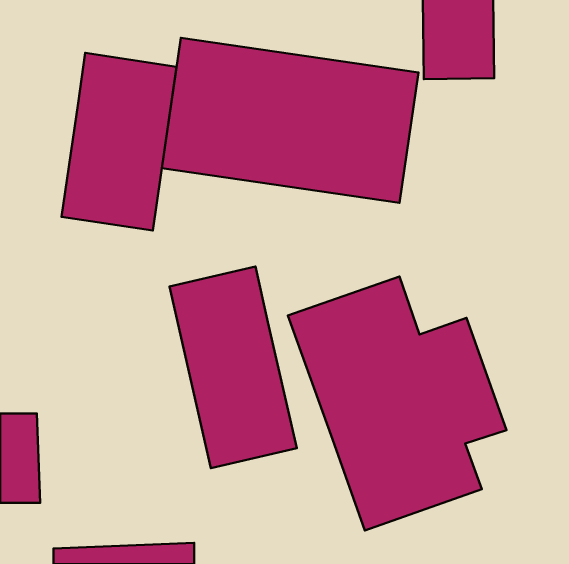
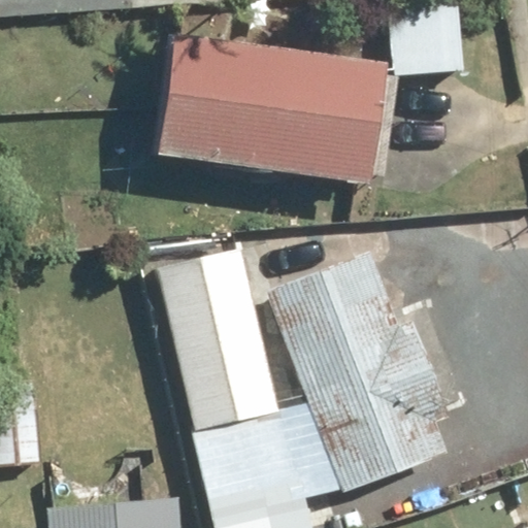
building: [61,53,177,231] -> none
building: none -> [196,406,338,503]

